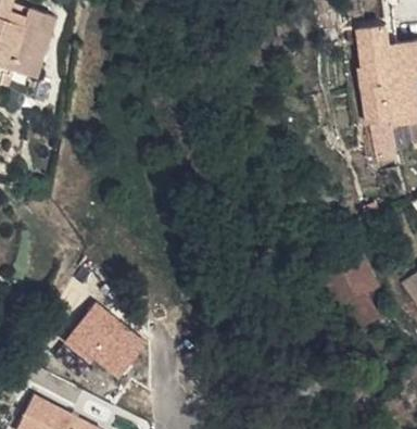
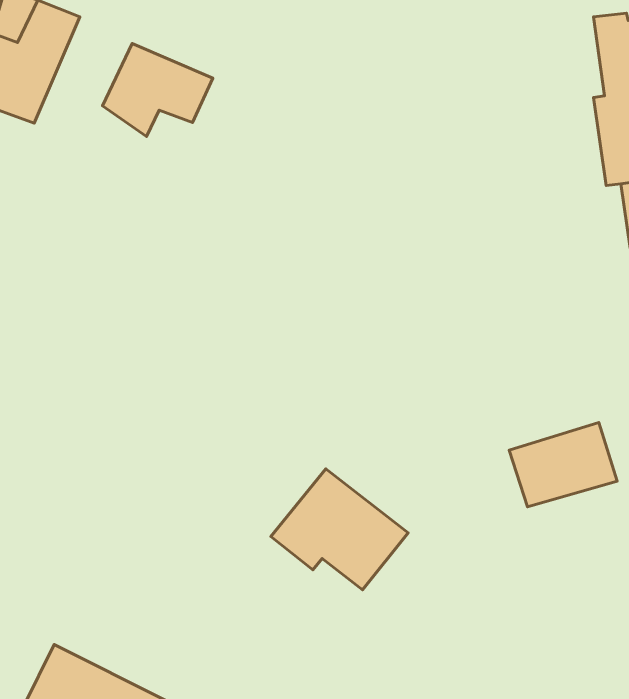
building: none -> [102,43,213,137]
building: [66,303,148,375] -> [271,469,408,590]

